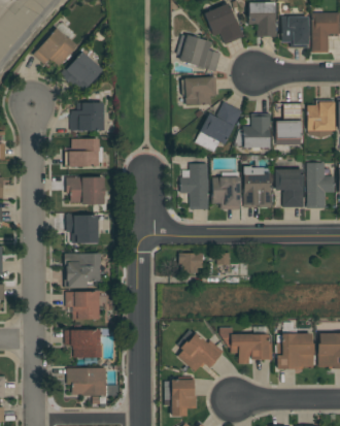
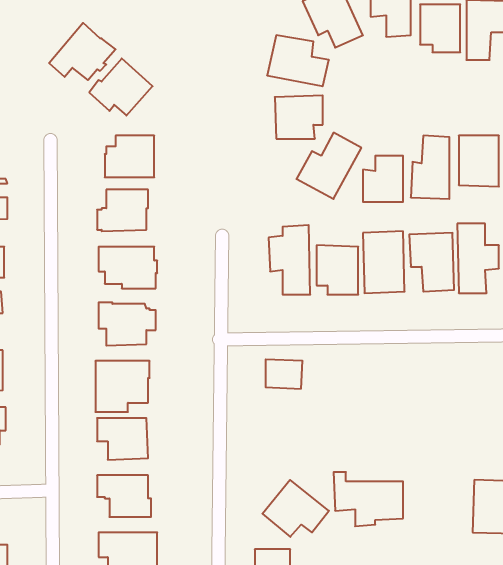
building: [276,333,313,370] -> none

